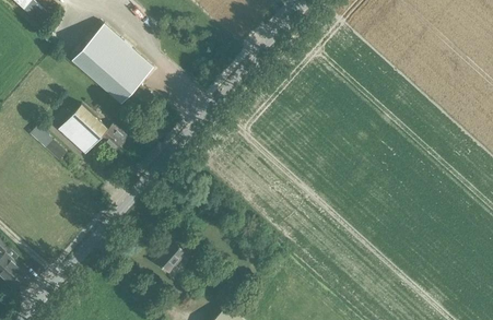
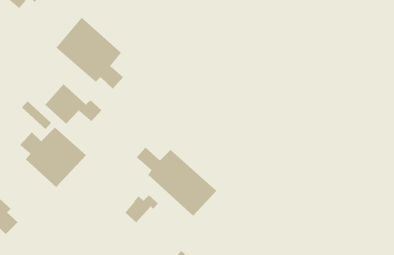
building: none -> [19,127,87,188]
building: none -> [136,147,217,216]

